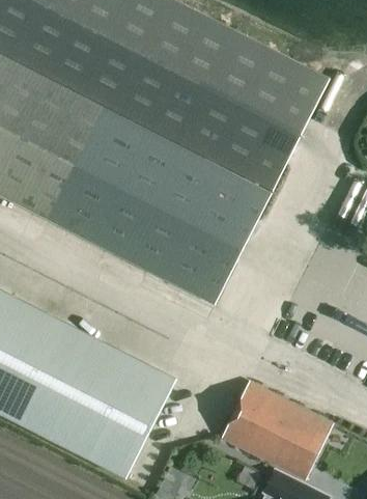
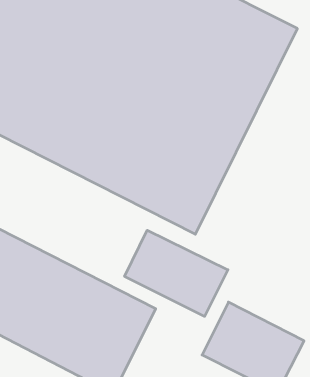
building: none -> [125,230,228,316]

